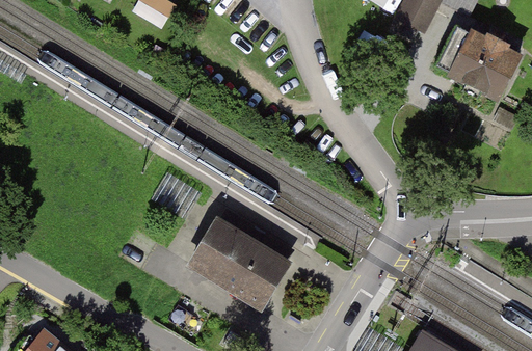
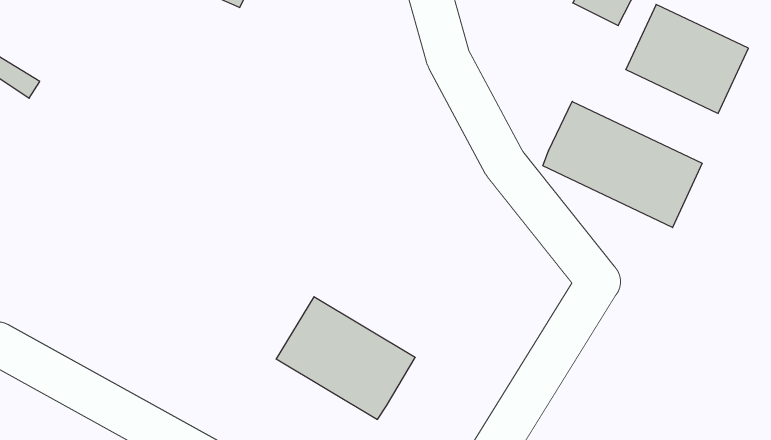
building: none -> [543,101,702,228]

